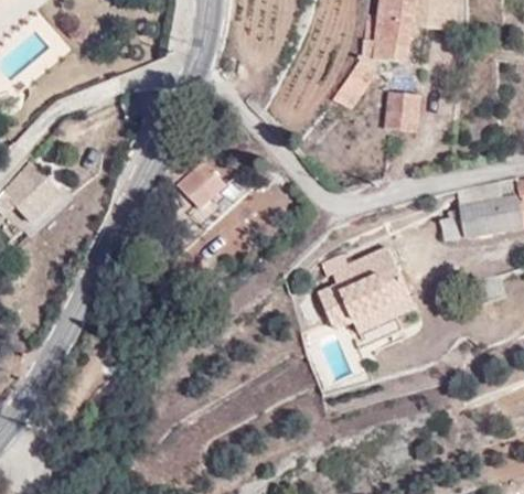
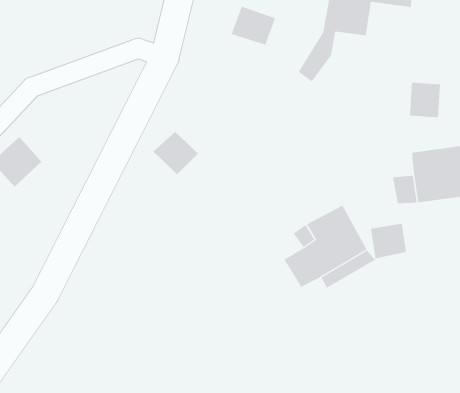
building: none -> [231,6,276,45]
building: [384,93,418,131] -> [409,82,441,118]
building: none -> [370,223,407,259]

